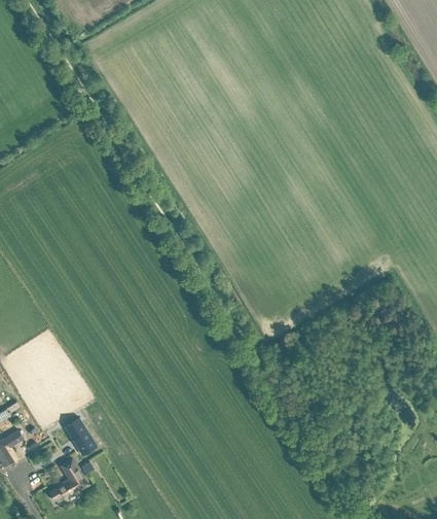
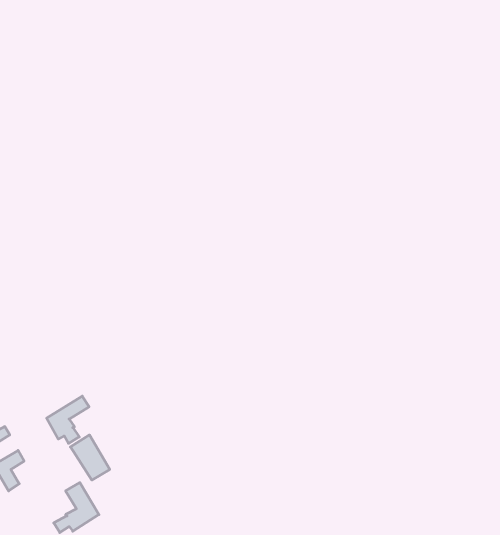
building: none -> [47,396,89,443]

